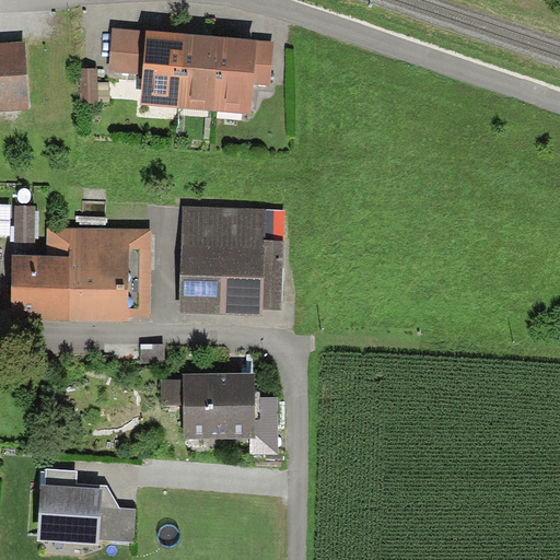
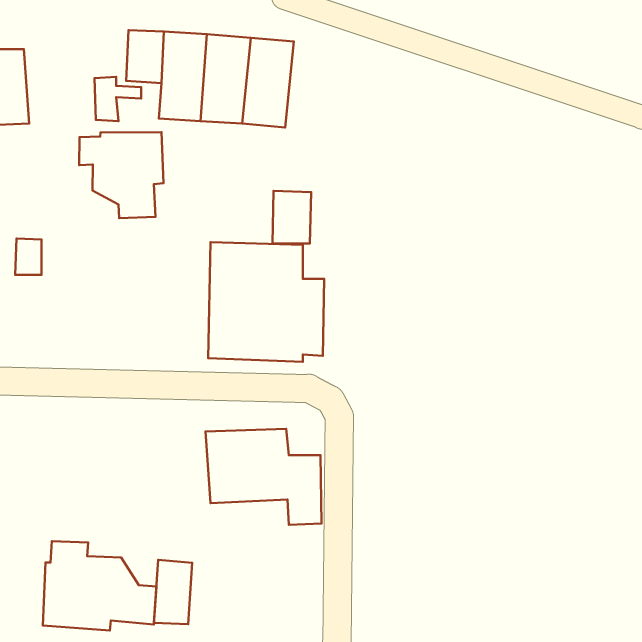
building: none -> [79,132,163,218]
building: none -> [272,191,311,243]
building: [9,229,152,323] -> none
building: none -> [154,560,192,624]

